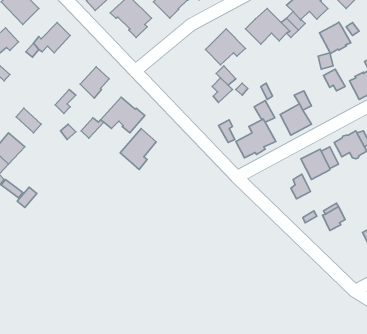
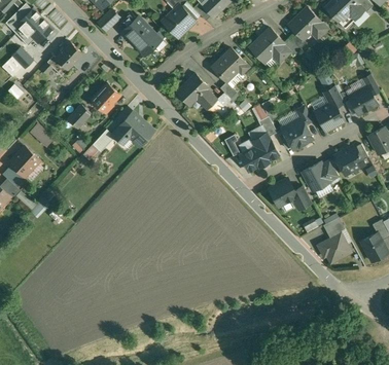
building: [320,22,351,54] -> [314,102,344,132]
building: none -> [176,74,216,108]
building: [120,129,156,170] -> none
building: none -> [269,179,296,207]
building: none -> [318,234,349,262]

